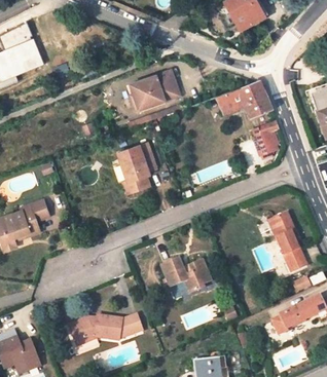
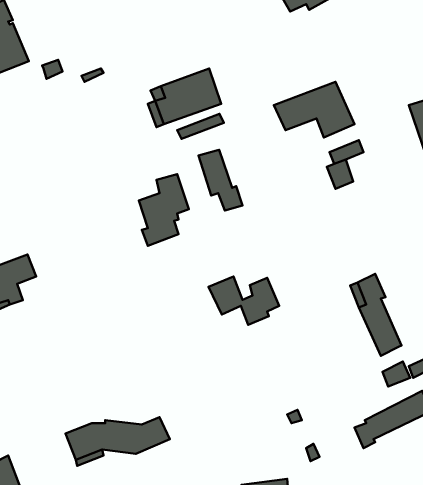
building: none -> [199,150,242,211]
building: [161,259,211,293] -> [209,276,279,325]

